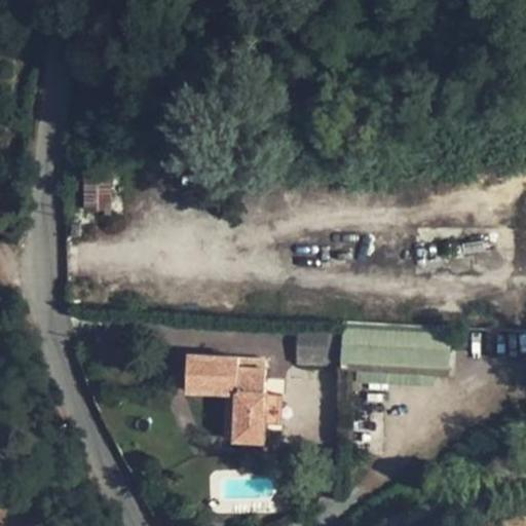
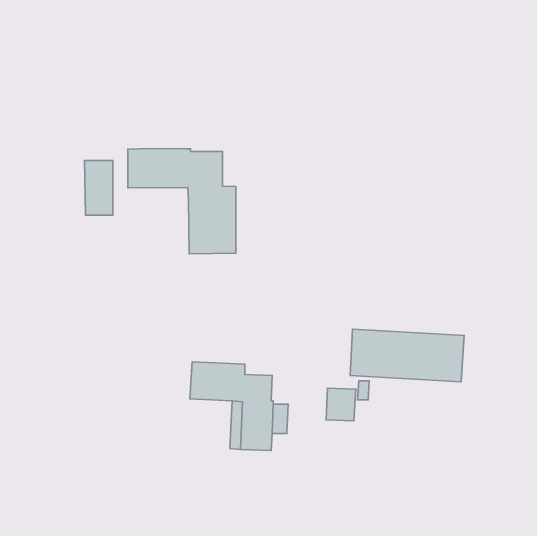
building: none -> [128,149,236,254]
building: [298,332,327,364] -> [326,388,356,421]

